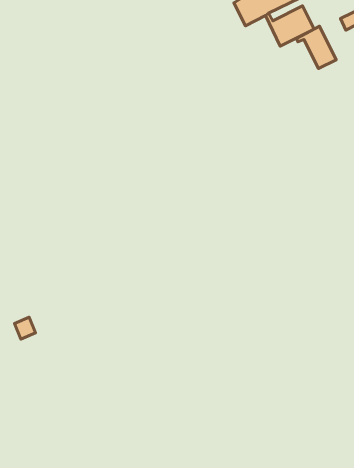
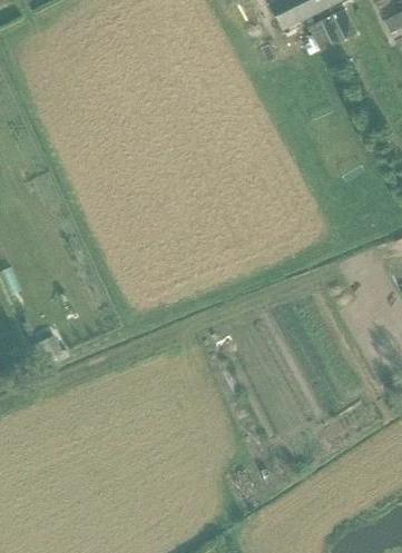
building: [296,26,336,69] -> none

